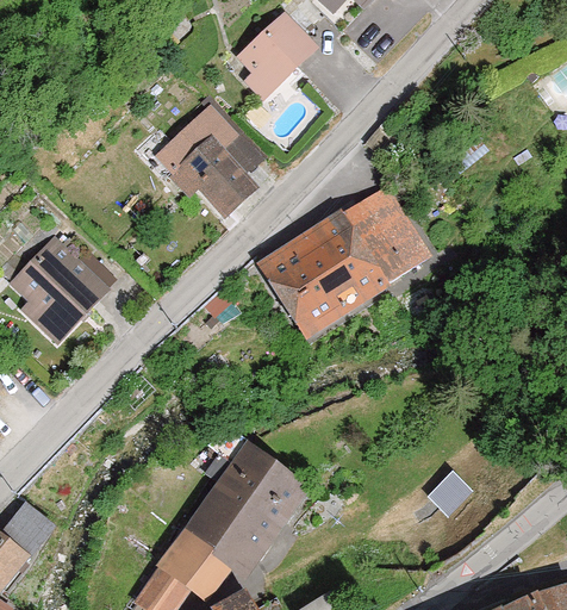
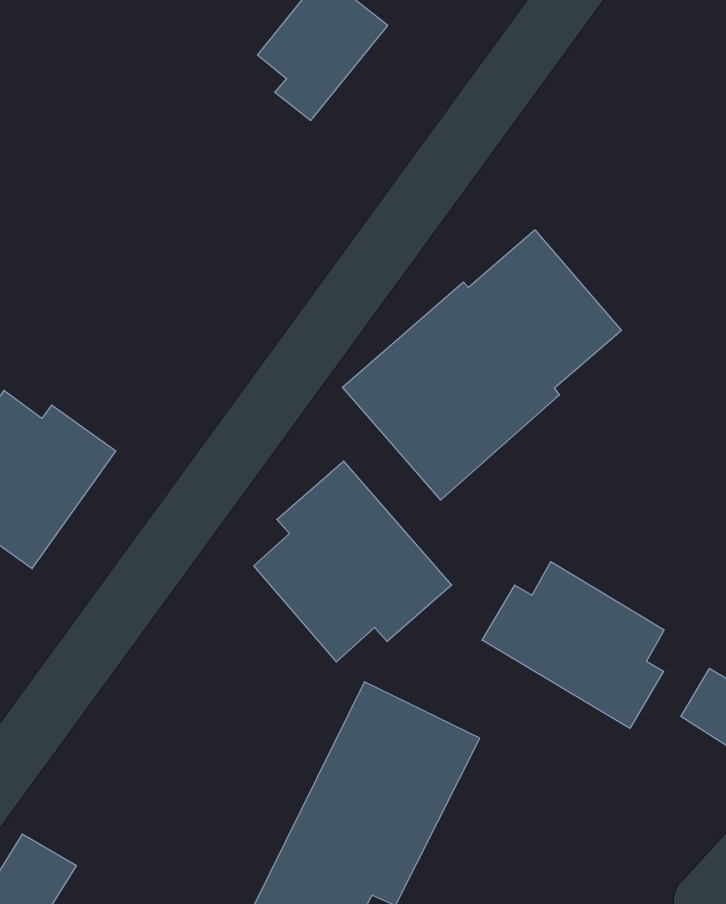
building: [152,105,257,219] -> none
building: none -> [254,461,452,662]
building: none -> [482,562,664,728]

